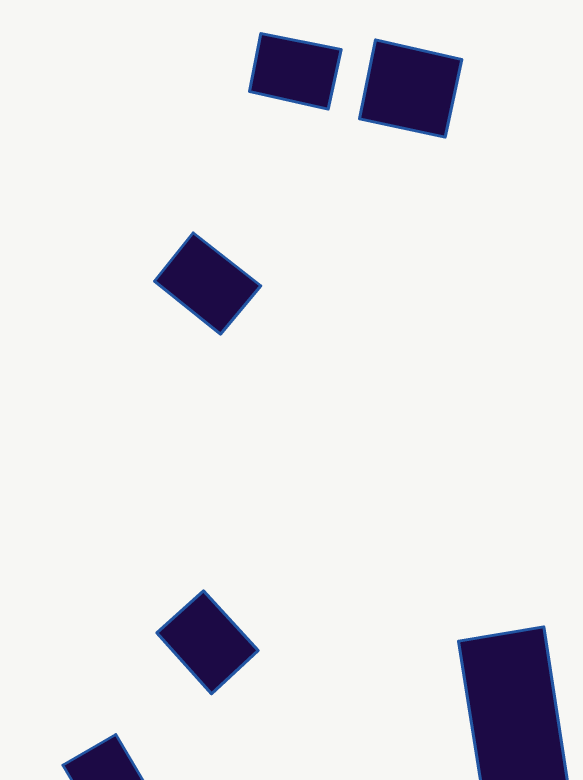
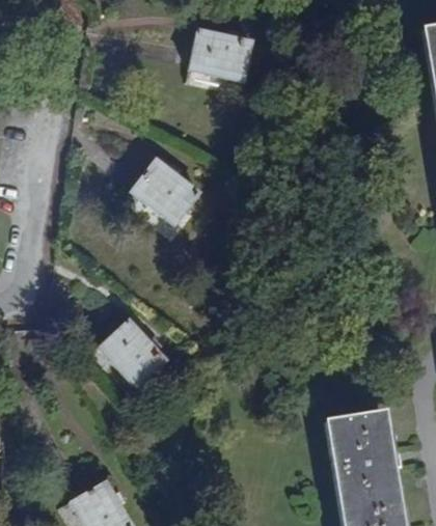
building: [360,40,462,137] -> none
building: [157,591,258,694] -> [100,322,165,388]

